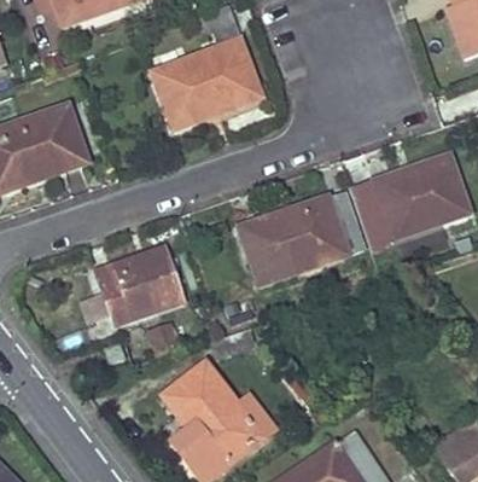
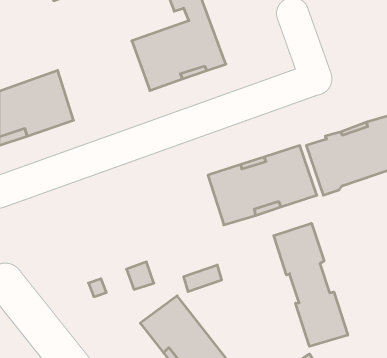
building: [94,248,183,323] -> none
building: none -> [274,223,348,346]

